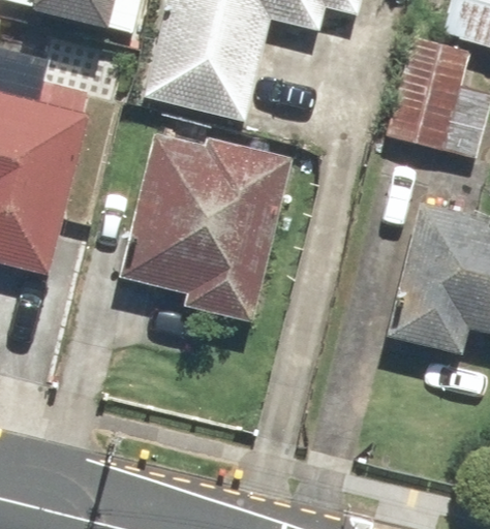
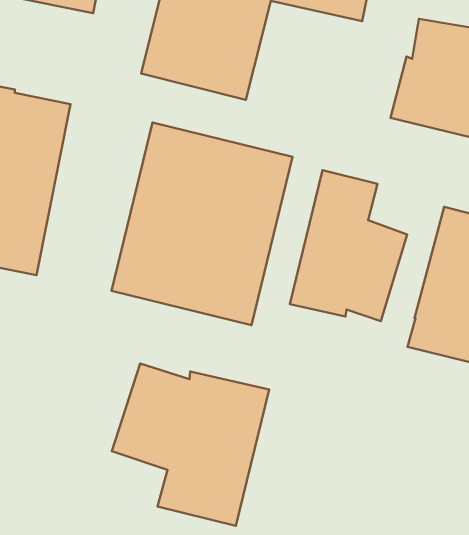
building: none -> [290,170,407,321]
building: none -> [112,364,269,526]

